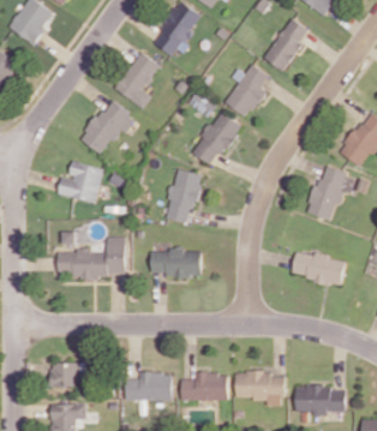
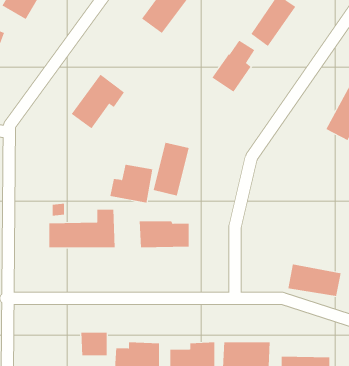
building: [115,52,160,108] -> none
building: [193,110,240,167] -> none
building: [58,162,102,202] -> [110,164,153,203]
building: [307,164,347,220] -> none
building: [291,251,346,285] -> [288,264,342,297]
building: [50,363,78,387] -> [80,332,107,356]

